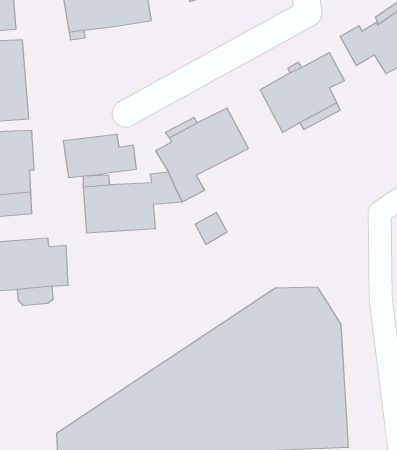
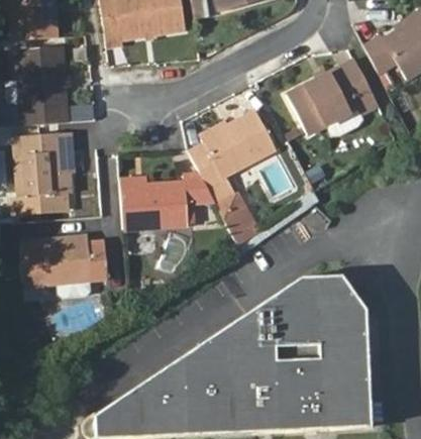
building: [64,134,136,178] -> none

